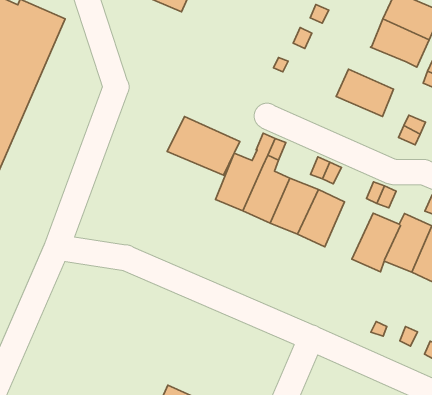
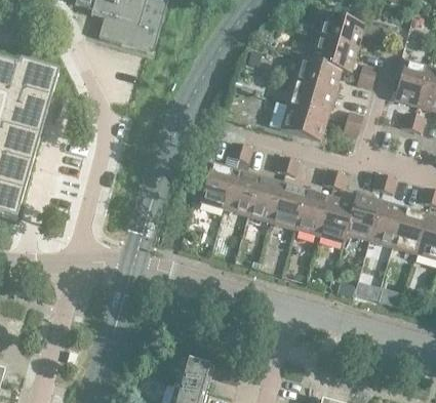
building: none -> [294,55,341,91]
building: none -> [280,104,327,139]
building: [167,116,240,175] -> none
building: none -> [294,189,330,235]

